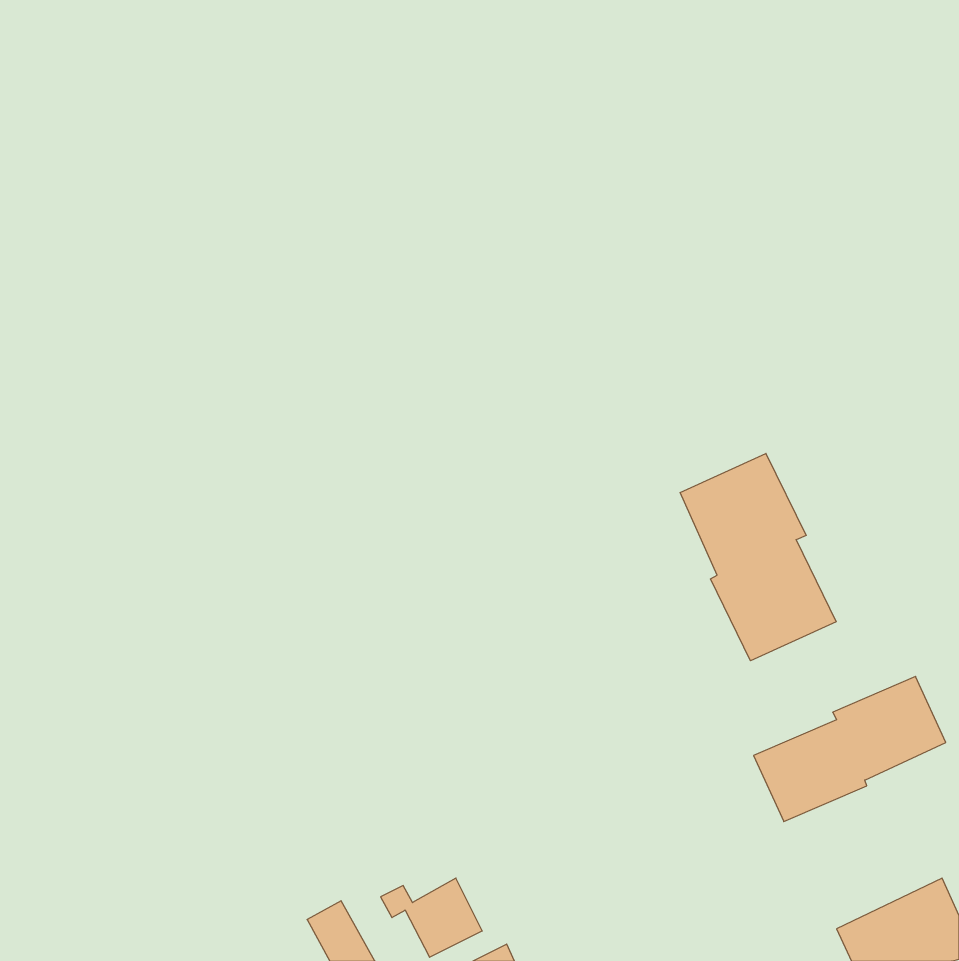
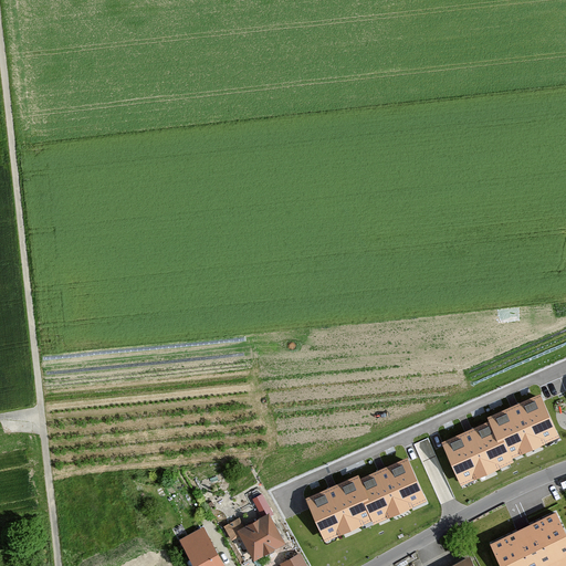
building: [680,453,836,661] -> none
building: none -> [306,461,422,539]

